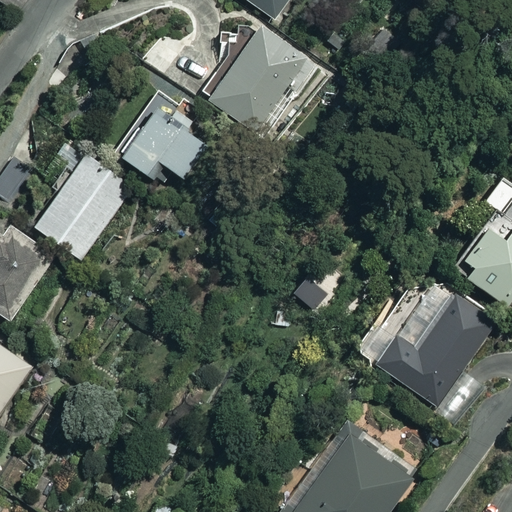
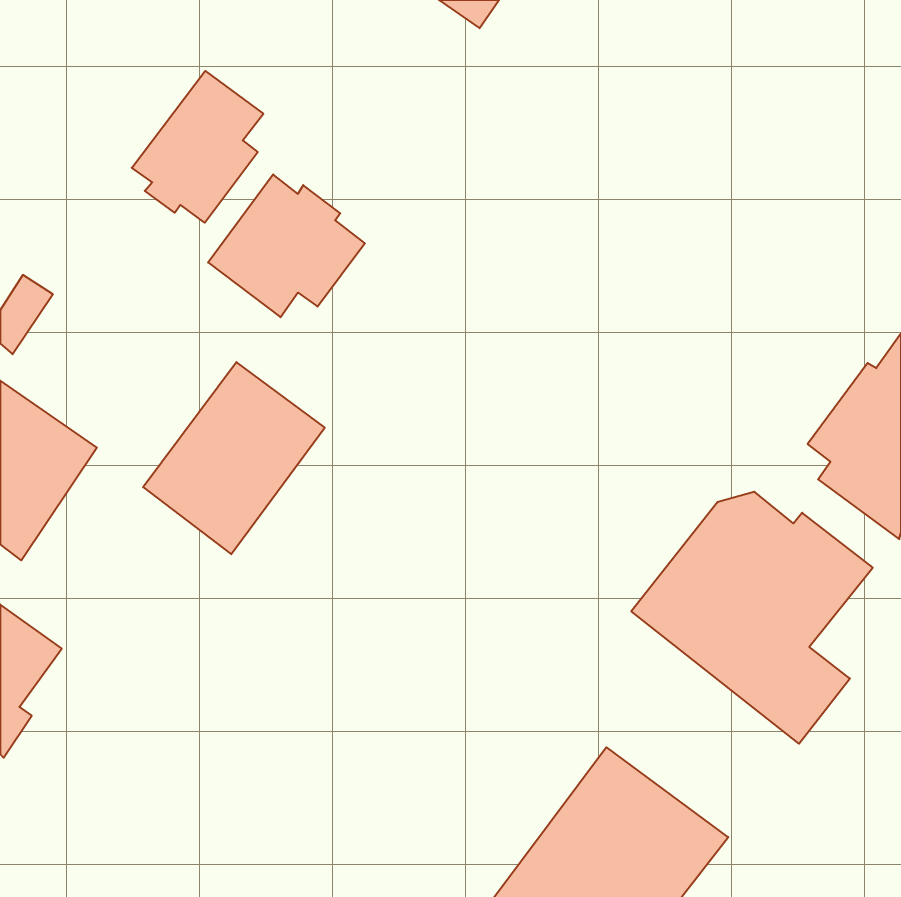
building: [199,19,317,139] -> none
building: none -> [132,71,263,223]
building: [31,152,134,261] -> [143,362,325,554]

